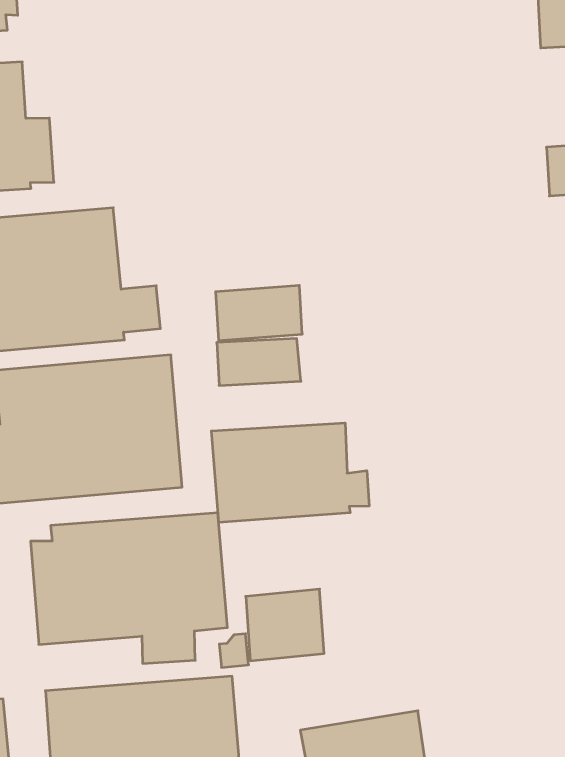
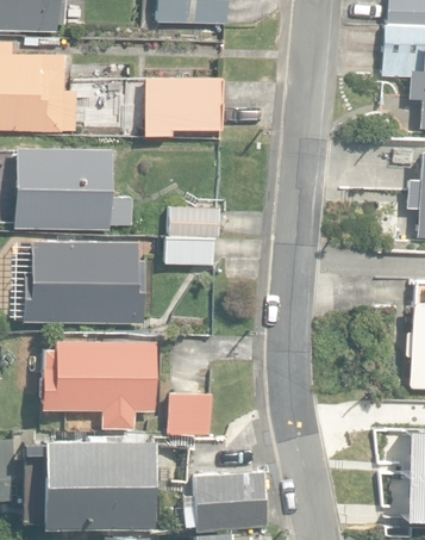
building: none -> [143,81,219,135]
building: [211,423,369,523] -> none

